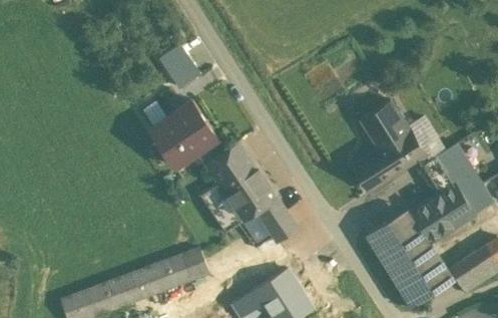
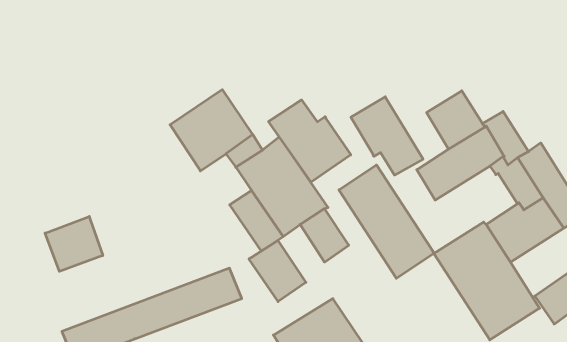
building: [156,40,200,88] -> none
building: none -> [351,97,423,175]
building: none -> [269,100,351,182]
building: none -> [339,165,434,278]
building: none -> [45,216,103,271]
building: none -> [249,241,306,302]

